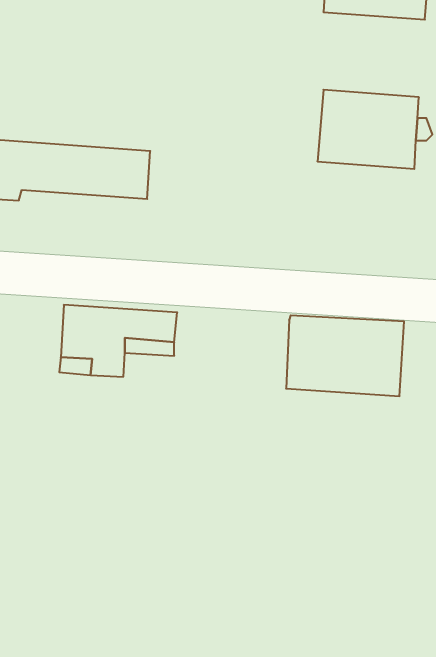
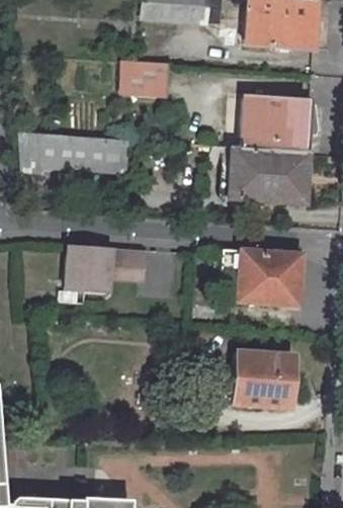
building: none -> [125,63,168,97]
building: none -> [227,146,307,202]
building: none -> [232,351,297,408]

